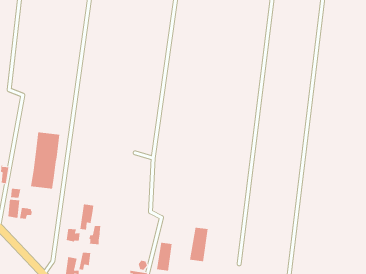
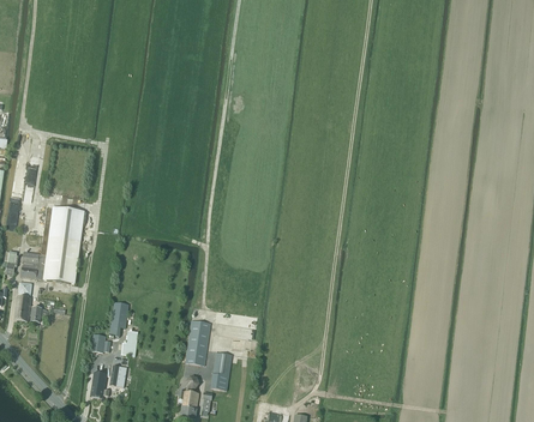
building: none -> [19,251,44,278]
building: [189,227,208,262] -> [184,319,209,364]

